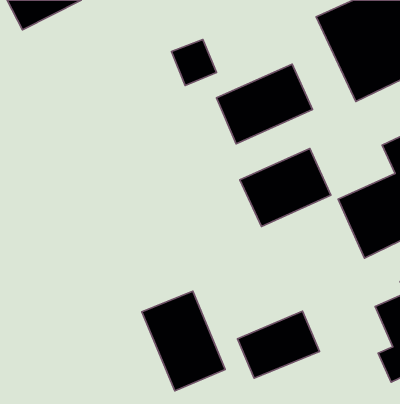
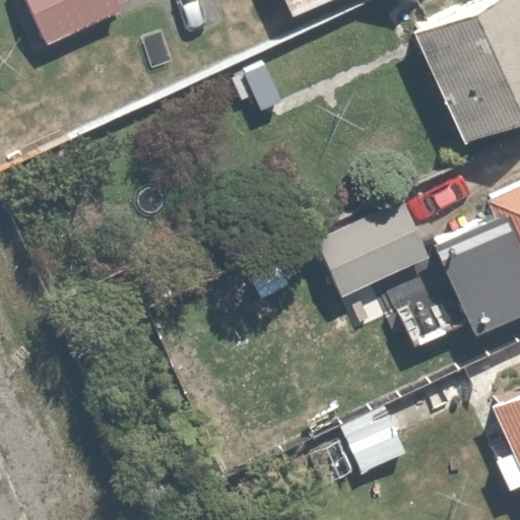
building: [217,64,312,144] -> none
building: [142,291,225,391] -> none

